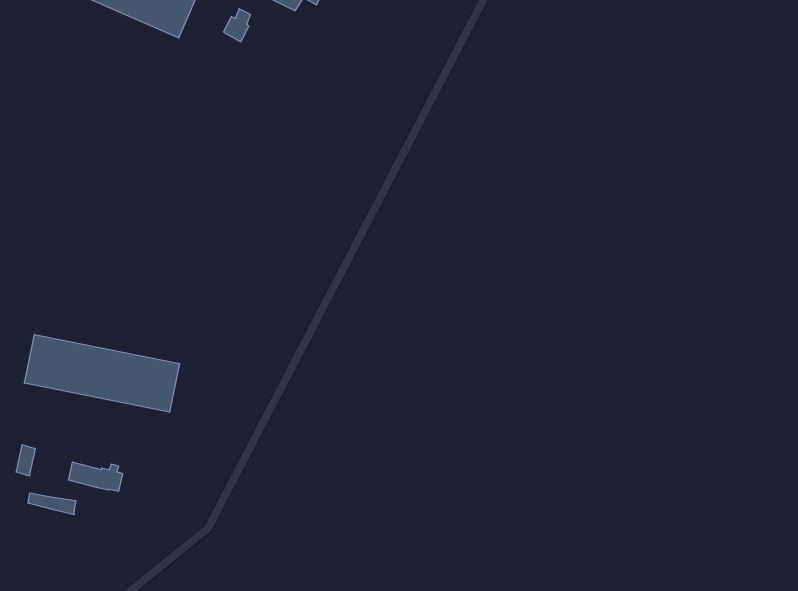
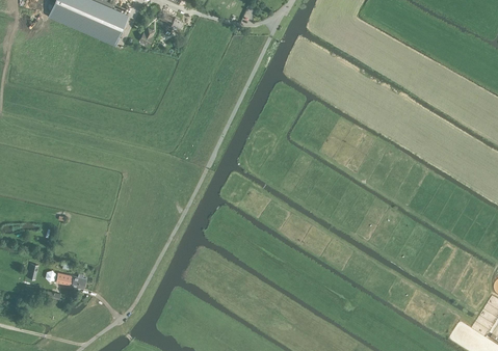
building: [24,334,180,412] -> none

